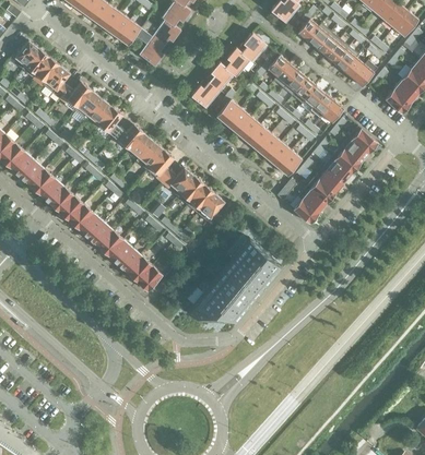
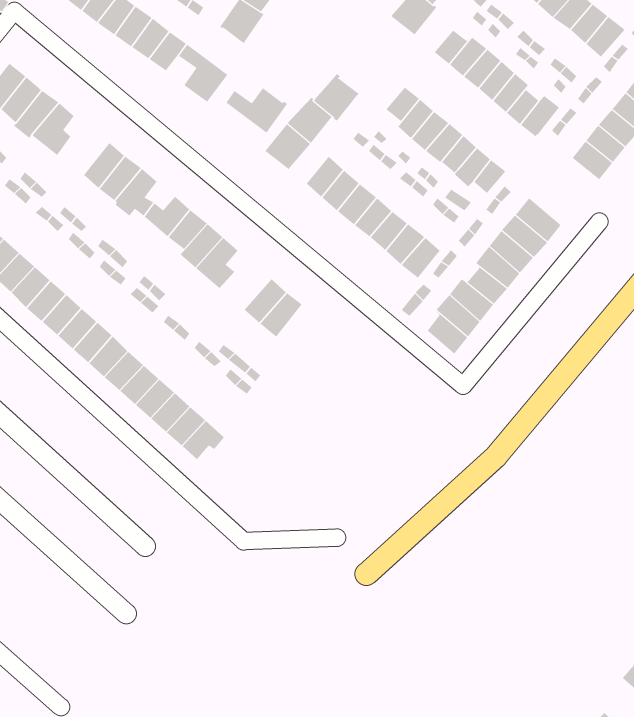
building: [141,19,180,48] -> [226,87,288,133]
building: [237,33,267,63] -> none
building: [59,82,92,113] -> none
building: [162,168,194,196] -> none
building: [198,193,225,225] -> none
building: [187,238,279,322] -> none

